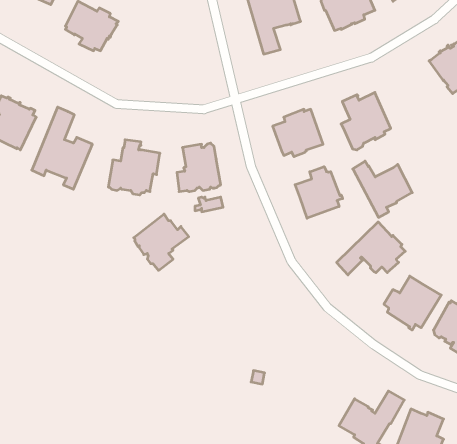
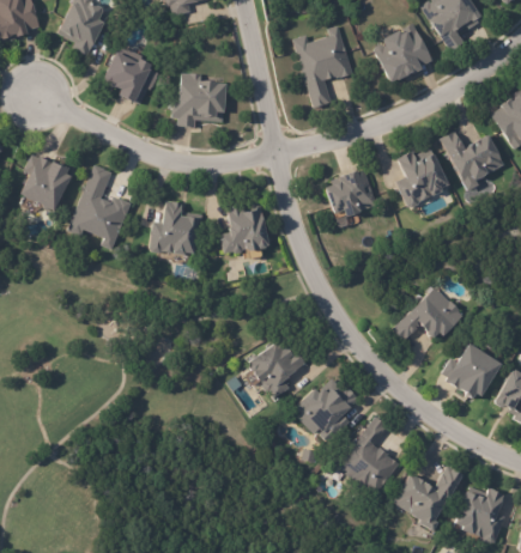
building: none -> [171,69,226,124]
building: [353,161,412,217] -> [441,132,504,192]
building: [295,167,343,218] -> none
building: [134,214,189,270] -> [247,339,305,399]
building: none -> [295,377,359,443]
building: none -> [340,417,400,494]

